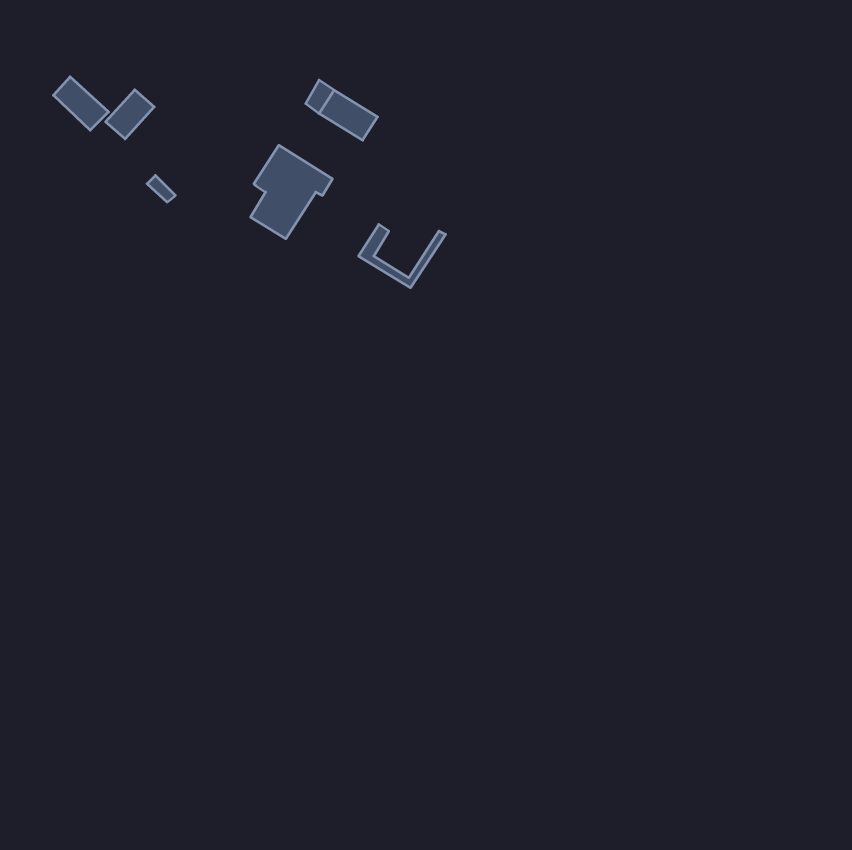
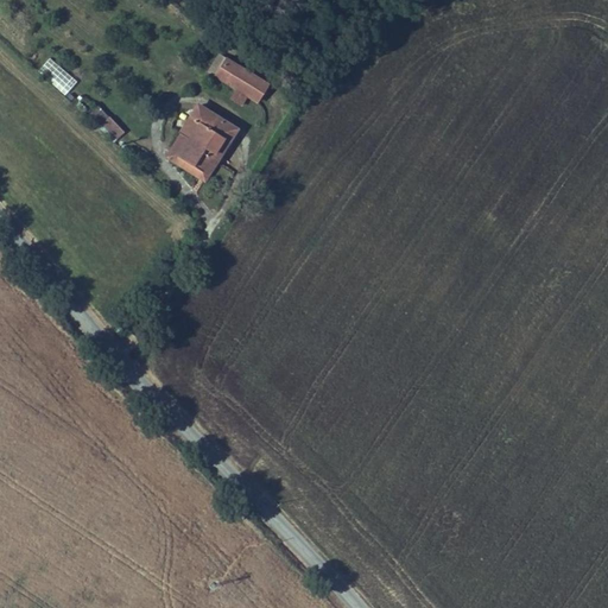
building: [106,90,154,139] -> none
building: [359,224,446,288] -> [169,132,230,177]

